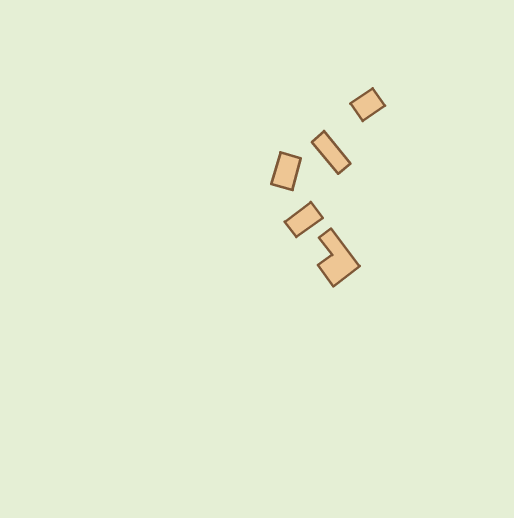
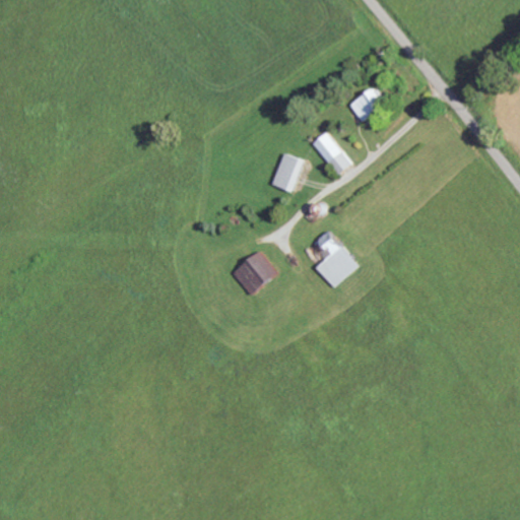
building: [285,202,323,237] -> none
building: none -> [234,251,278,295]

